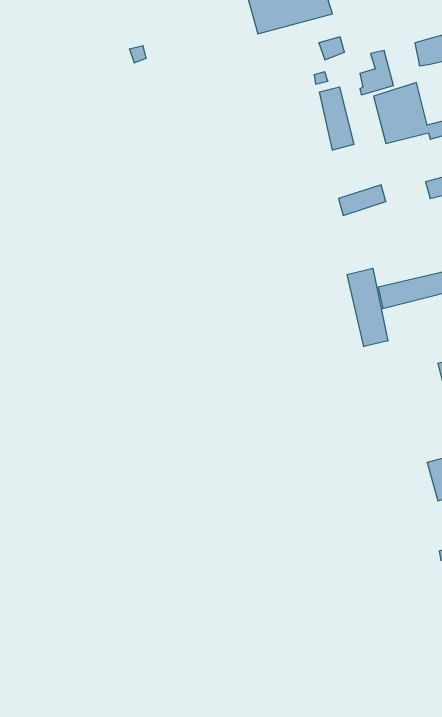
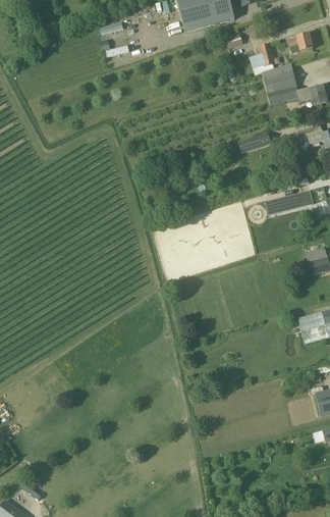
building: [320,87,354,150] -> none
building: [347,268,388,347] -> none

